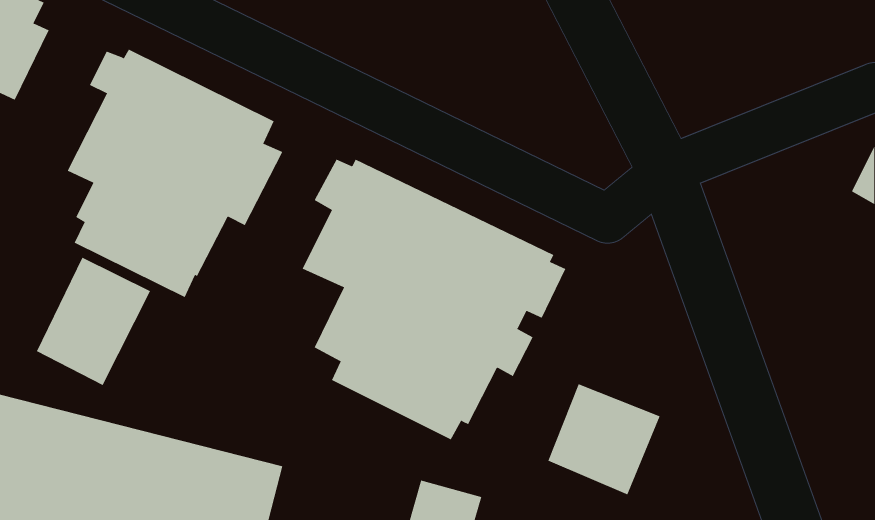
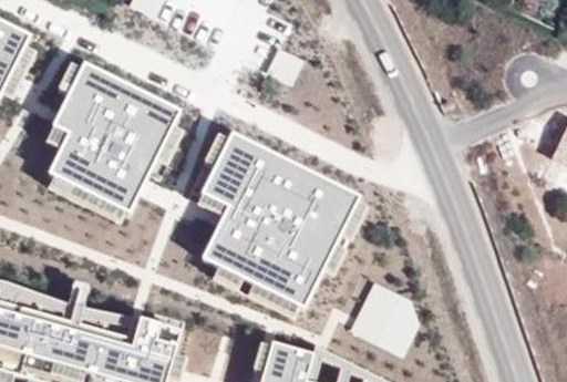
building: [36,257,151,386] -> none

